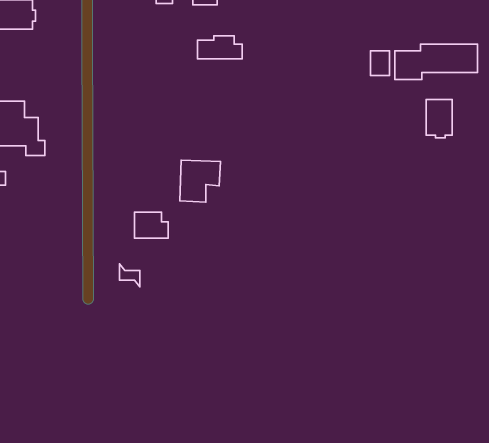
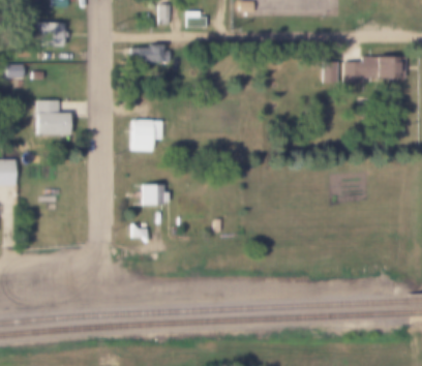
building: [197,36,242,59] -> [137,44,171,62]
building: [426,100,452,138] -> none
building: [180,160,221,202] -> [133,120,164,152]

